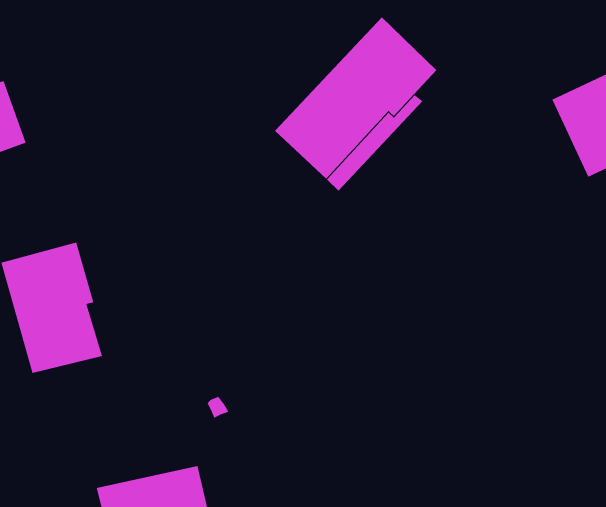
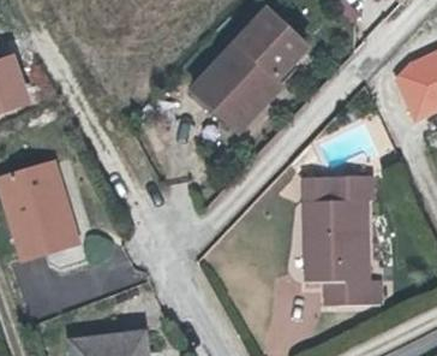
building: none -> [309,174,384,303]

